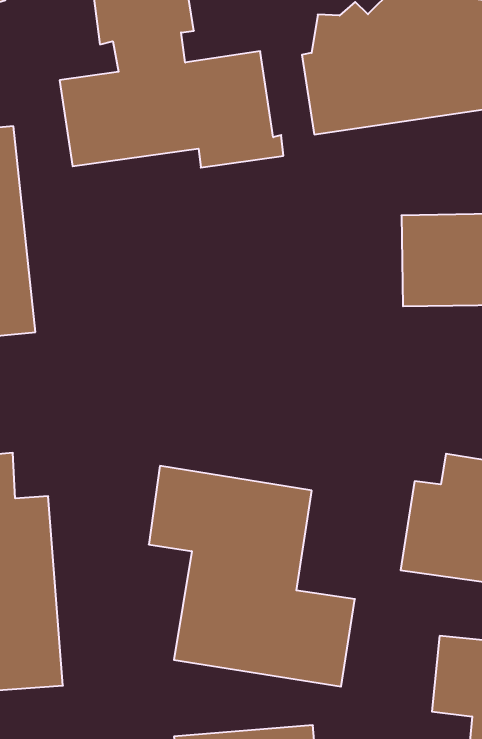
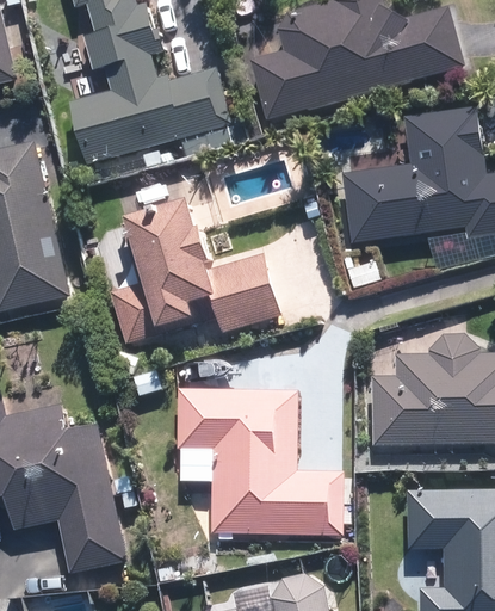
building: none -> [107,196,284,345]

